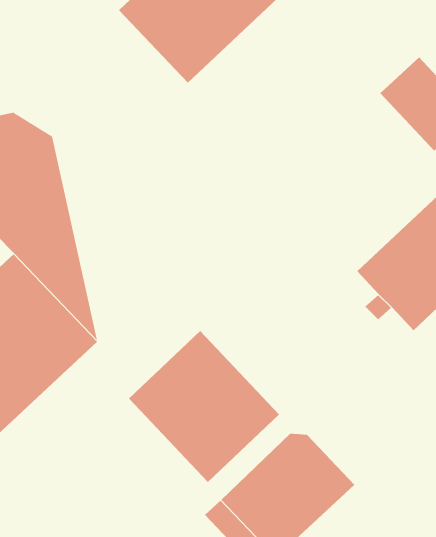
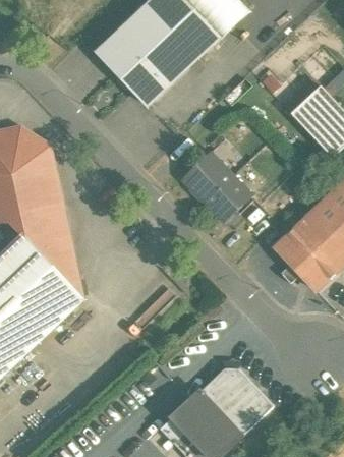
building: none -> [183,152,252,221]
building: [128,330,280,483] -> none

